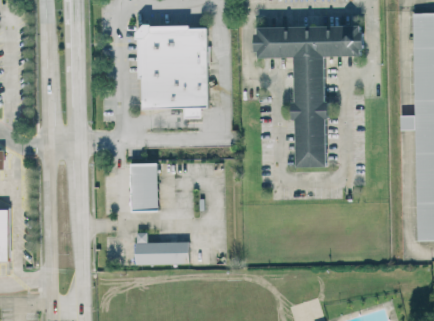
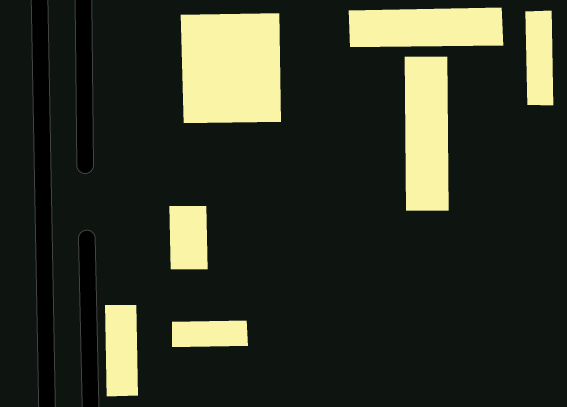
building: none -> [525,10,554,106]
building: none -> [104,304,139,397]

